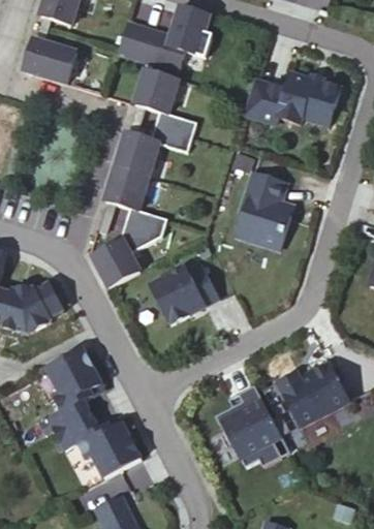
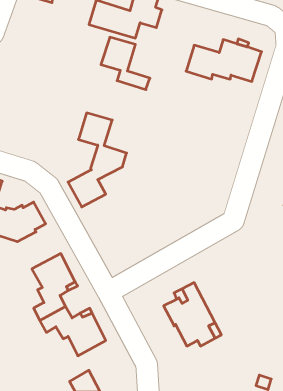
building: [23,38,75,83] -> none
building: [115,125,191,176] -> none
building: [239,172,291,249] -> none
building: [149,266,218,323] -> none
building: [277,363,348,426] -> none

